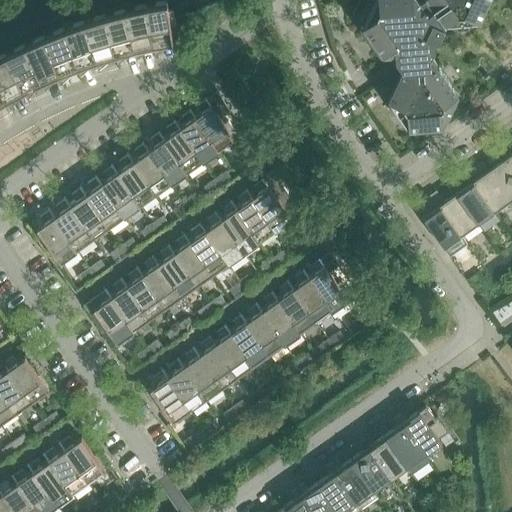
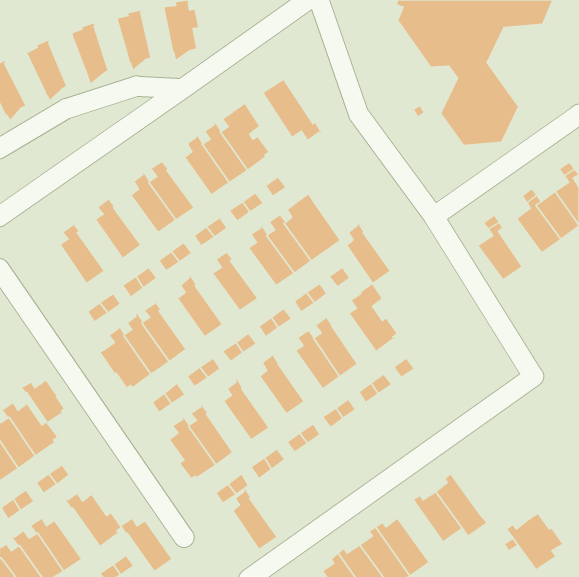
building: [124,6,153,59] -> none
building: [83,16,114,69] -> none
building: [43,29,77,83] -> none
building: [4,46,40,99] -> none
building: none -> [263,79,322,140]
building: [147,132,186,185] -> none
building: [100,165,139,218] -> none
building: [68,187,108,241] -> none
building: [439,195,477,237] -> none
building: [36,210,76,264] -> none
building: [203,212,243,265] -> none
building: [172,234,211,288] -> none
building: [140,256,180,310] -> none
building: [292,270,331,323] -> [346,223,391,283]
building: [245,303,284,356] -> none
building: [213,325,252,379] -> none
building: none -> [21,380,64,423]
building: [182,347,221,401] -> [233,488,277,549]
building: [397,406,447,456] -> [506,513,563,570]
building: [350,443,390,491] -> none
building: [42,448,88,495] -> [120,518,172,571]

